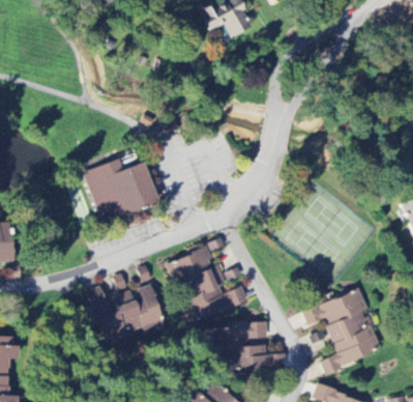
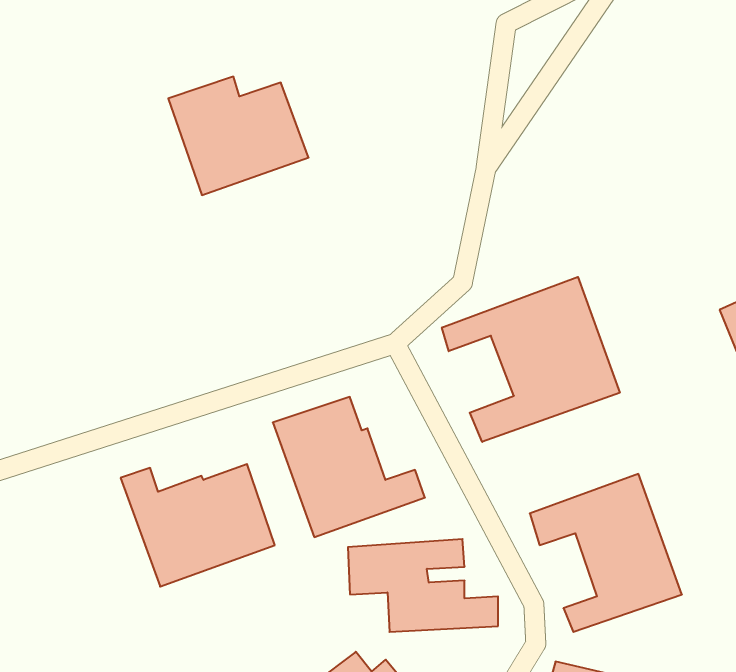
building: [84,160,157,222] -> [168,77,309,195]
building: none -> [442,277,620,442]

